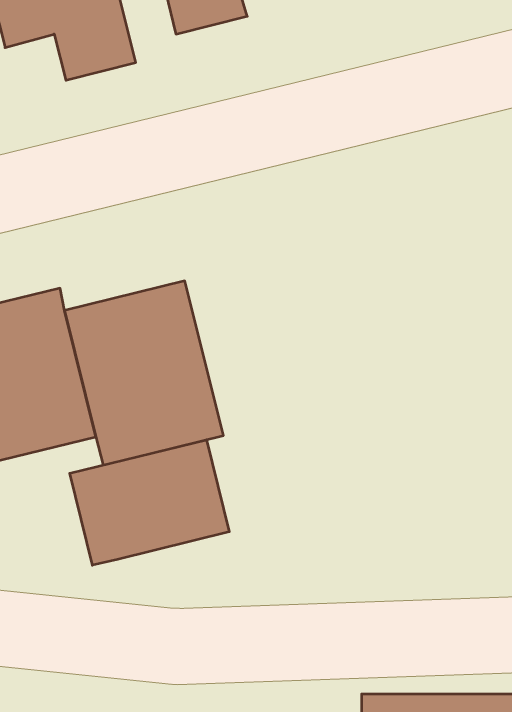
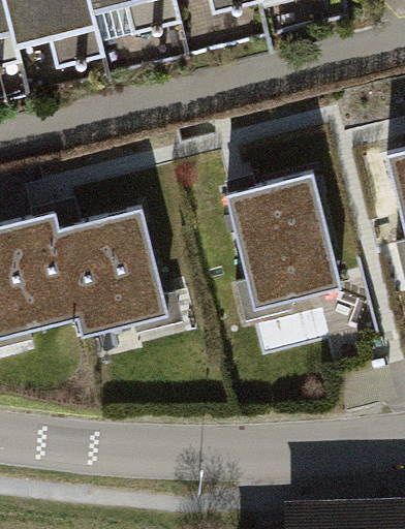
building: none -> [227,174,341,309]
building: [70,440,229,565] -> none

